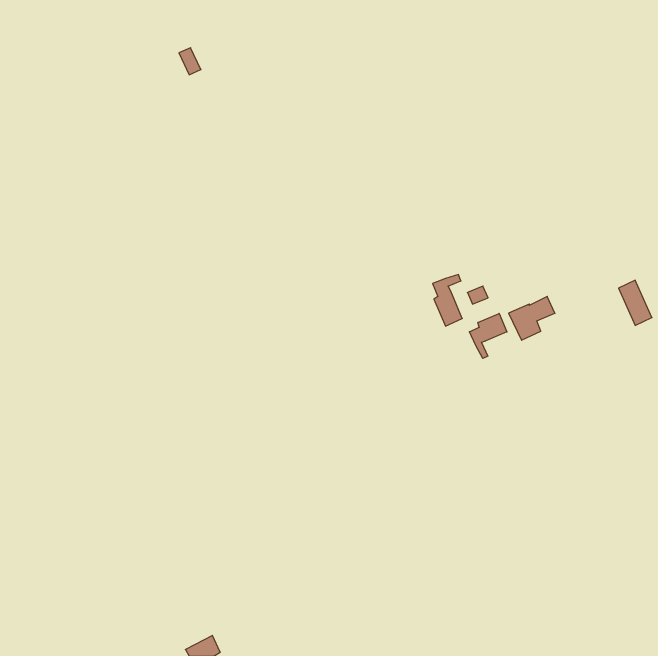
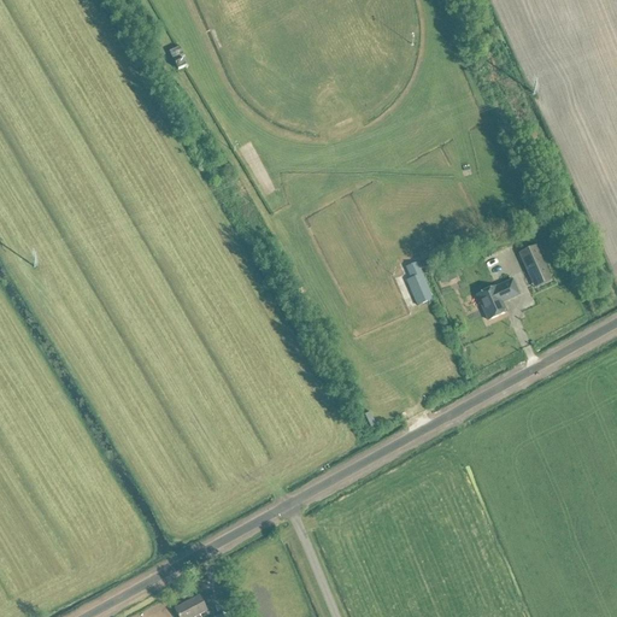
building: [619,280,652,325] -> [519,245,551,287]
building: [469,313,507,358] -> none

